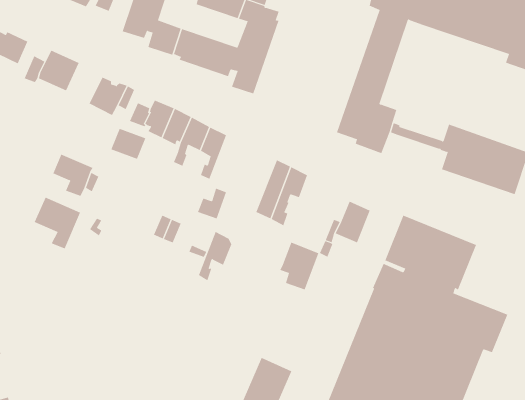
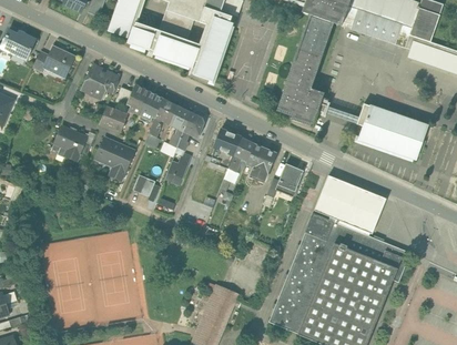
building: [34,197,81,249] -> [97,138,133,179]
building: [198,231,232,281] -> [177,112,204,151]
building: [279,242,319,290] -> [245,143,276,181]

